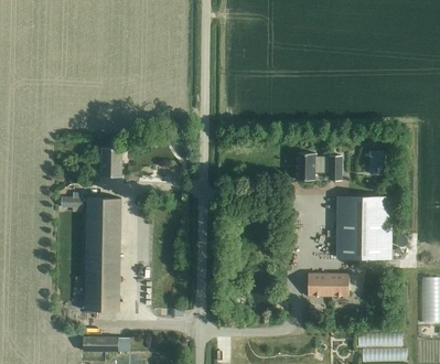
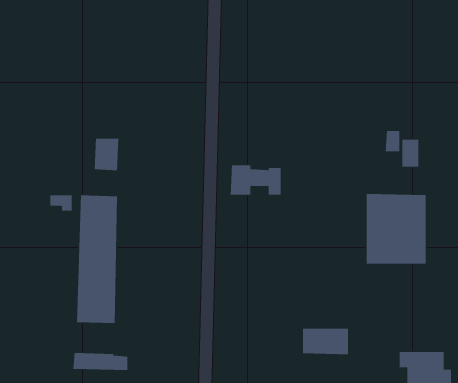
building: [296,153,341,180] -> [230,165,282,195]
building: [307,274,347,297] -> [302,328,349,355]

